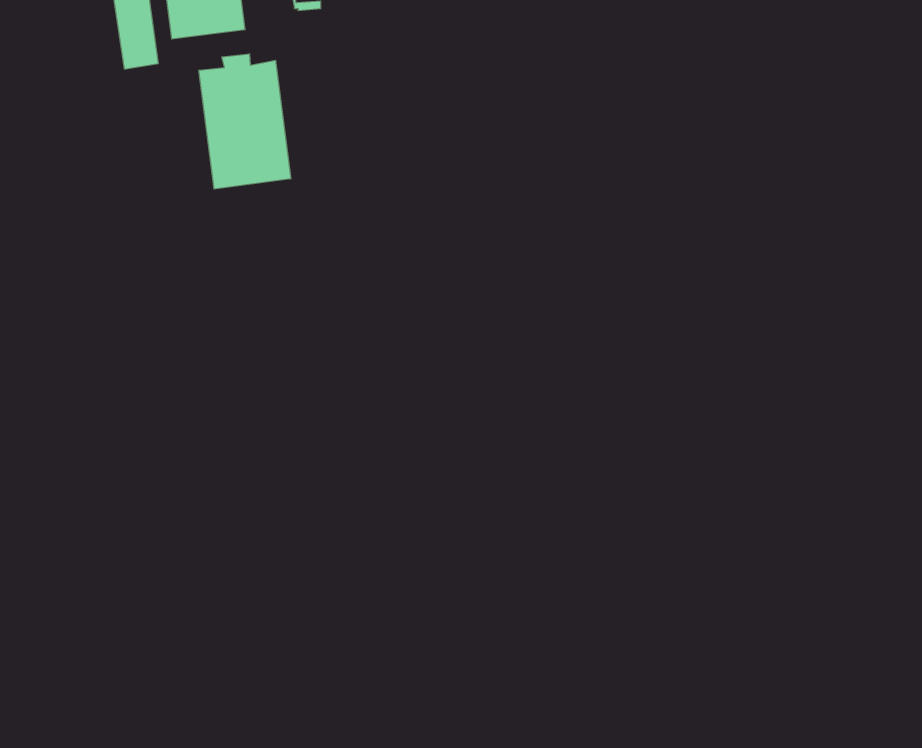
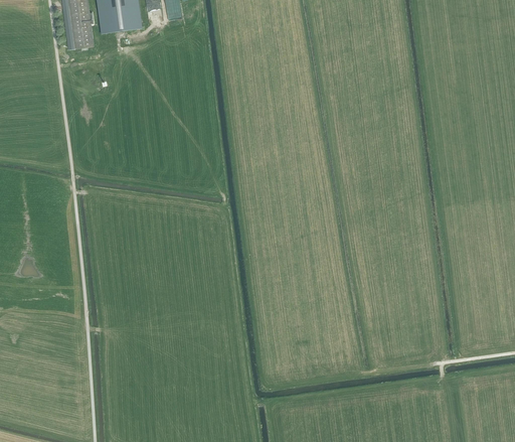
building: [199,54,291,189] -> none

